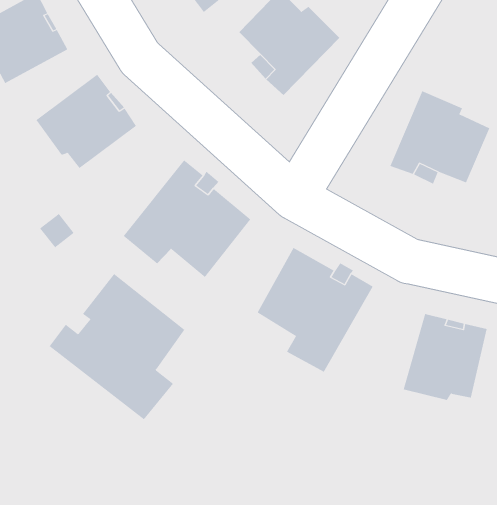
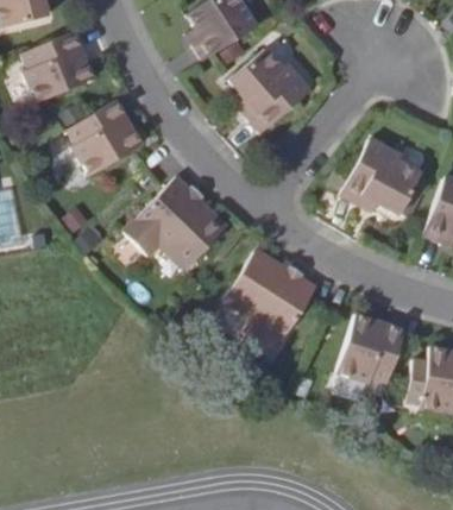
building: [49,273,185,420] -> none

